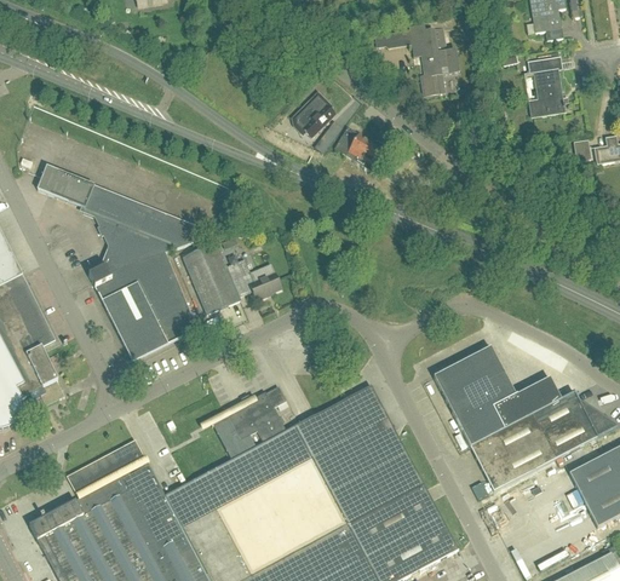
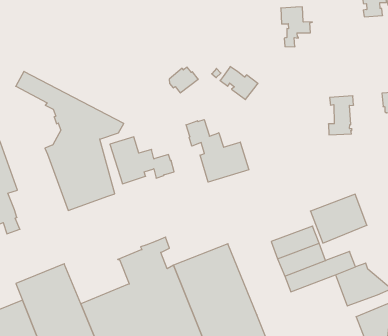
building: [527,56,564,116] -> [328,96,354,135]
building: [293,98,335,137] -> [169,67,198,93]
building: none -> [186,120,249,182]
building: [470,414,555,490] -> [310,194,367,243]

